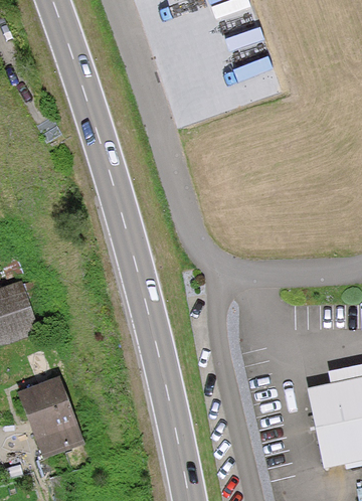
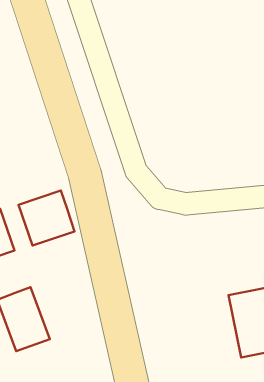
building: none -> [18,190,74,245]

